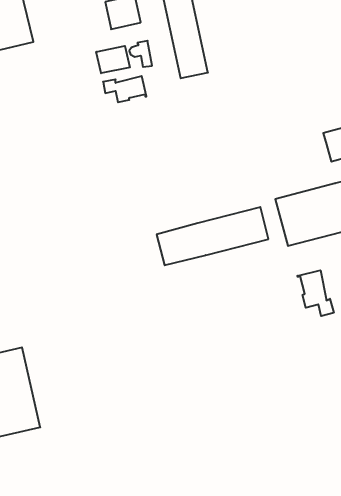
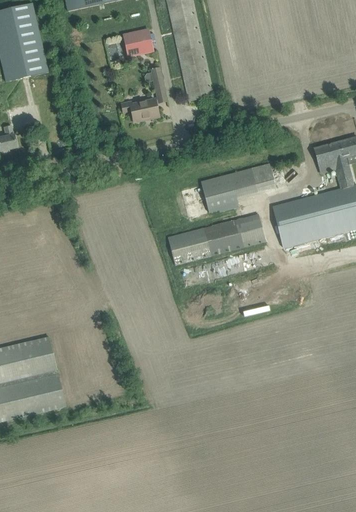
building: [96,46,130,73] -> none
building: none -> [199,162,275,212]
building: [297,270,334,316] -> none

